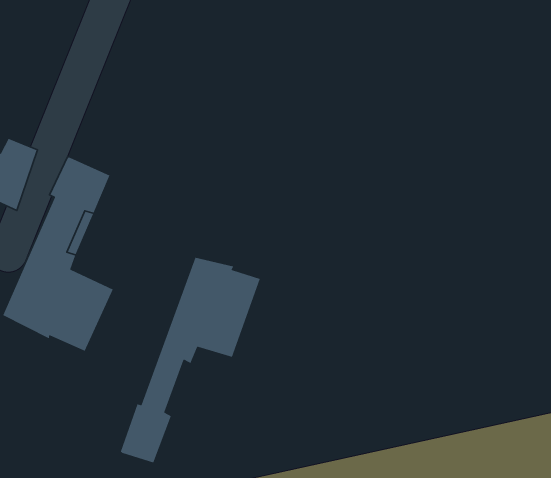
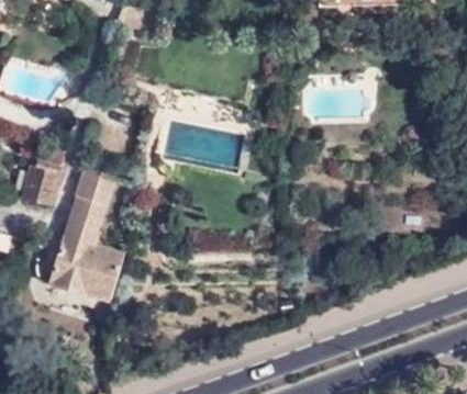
building: [120,257,261,463] -> none

